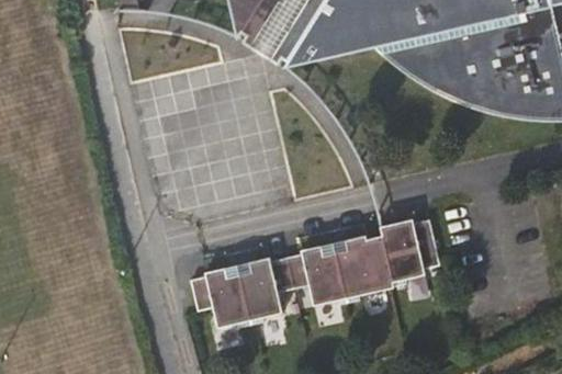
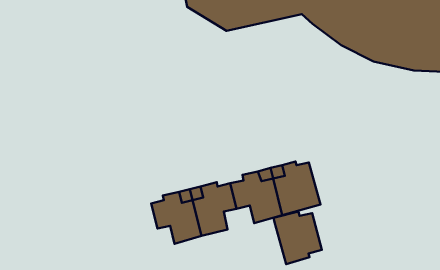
building: [384,218,443,283] -> [274,211,322,264]

